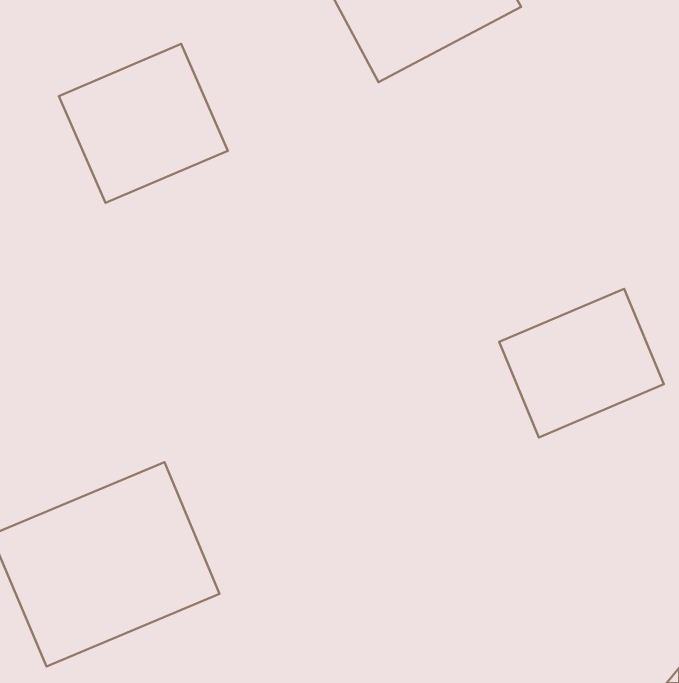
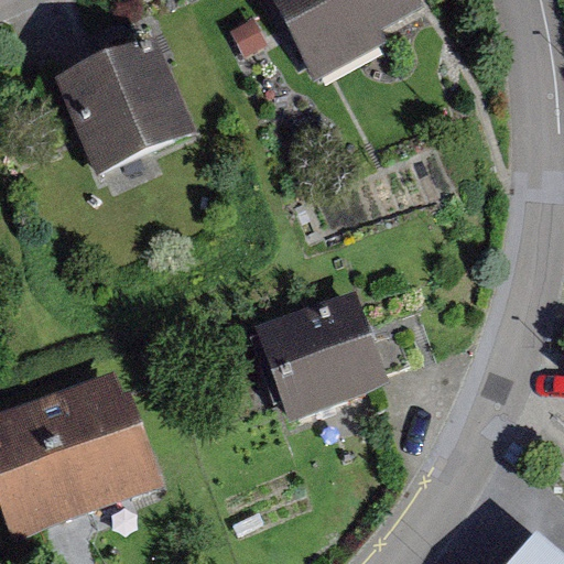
building: [499,289,664,437] -> none
building: none -> [272,293,402,426]

